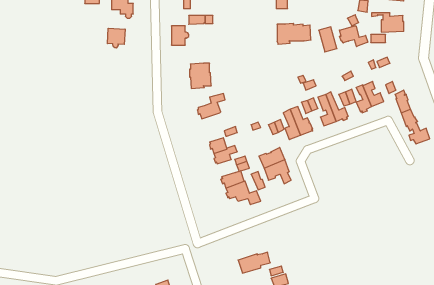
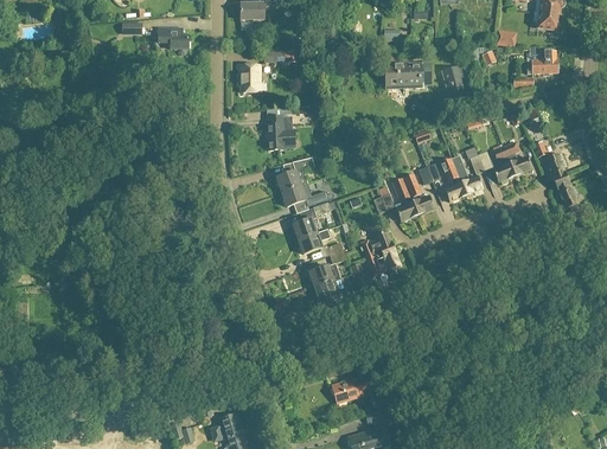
building: [339,26,368,47] -> none
building: [107,28,125,48] -> none
building: none -> [281,184,332,206]

